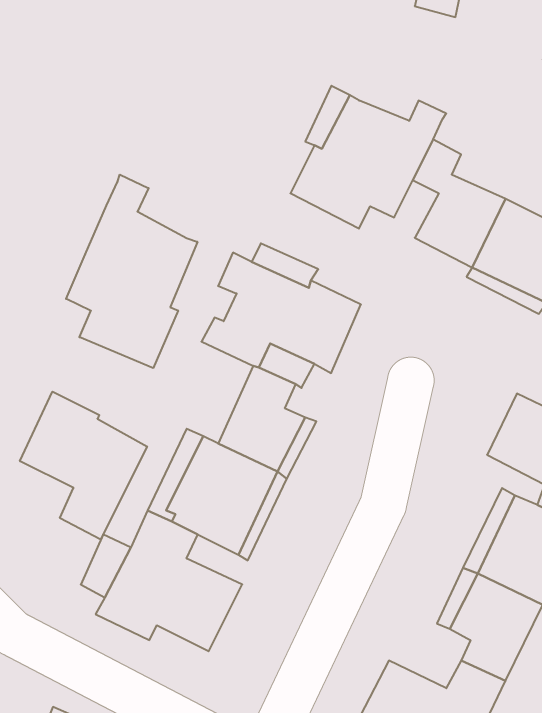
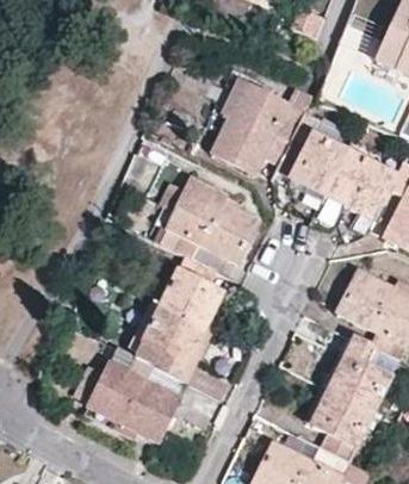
building: [66,175,197,368] -> none
building: [20,392,147,539] -> none

